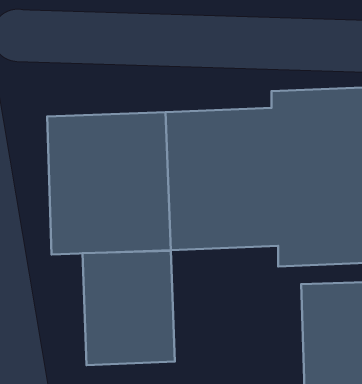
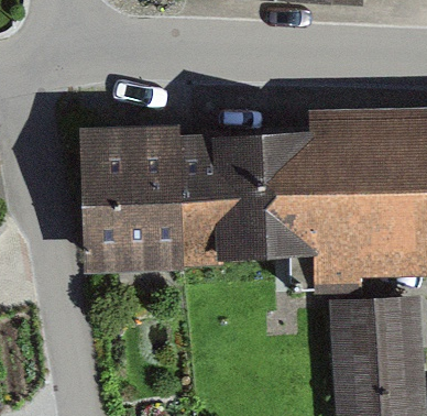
building: [82,251,175,365] -> none

